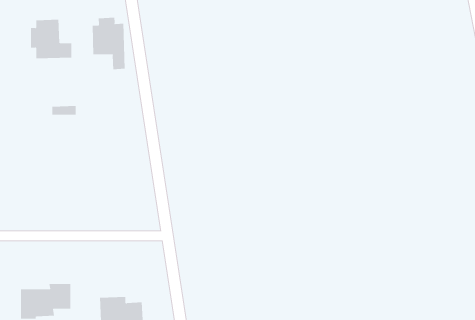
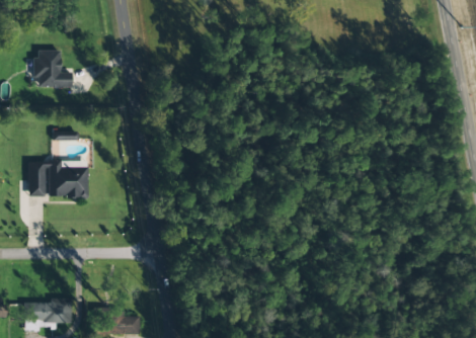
building: [92,17,125,70] -> none
building: none -> [28,161,88,197]

